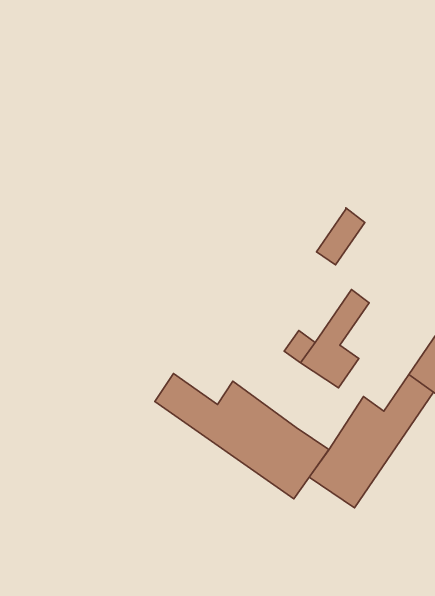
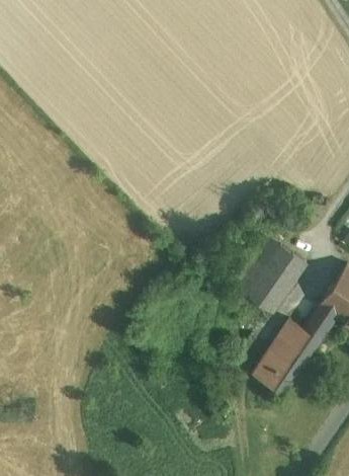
building: [316,208,365,265] -> [271,252,304,292]
building: [155,374,329,499] -> none

